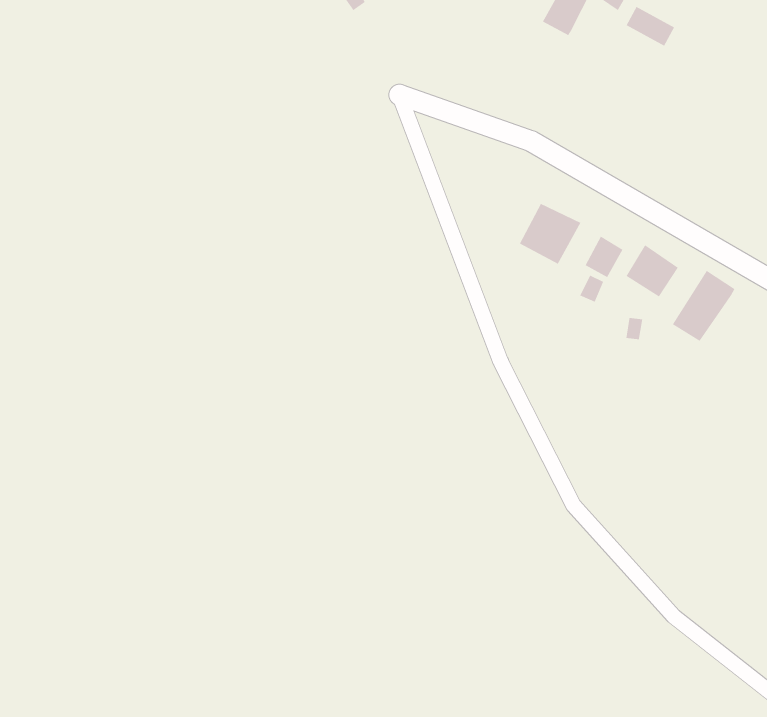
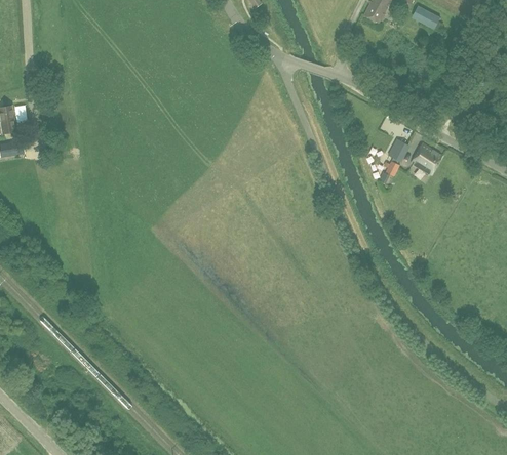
building: [519,203,581,265] -> none
building: [672,270,735,342] -> none

